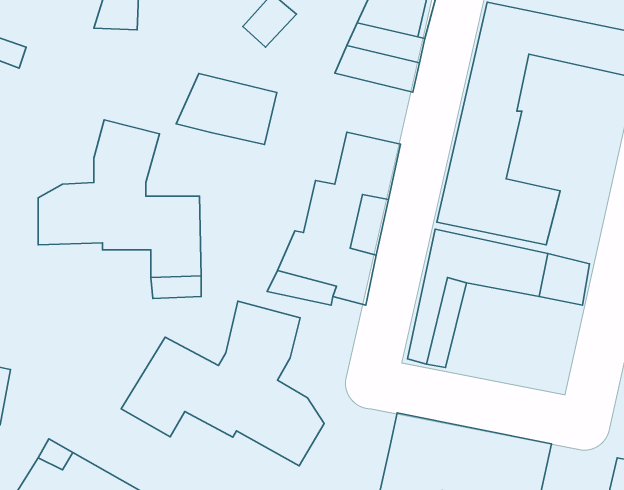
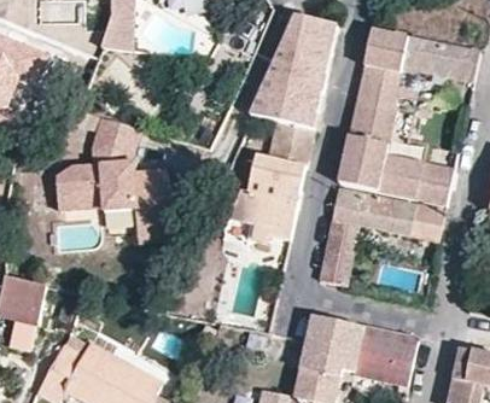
building: [176,74,277,145] -> [250,78,320,128]
building: none -> [413,160,453,205]
building: [121,301,324,466] -> none

